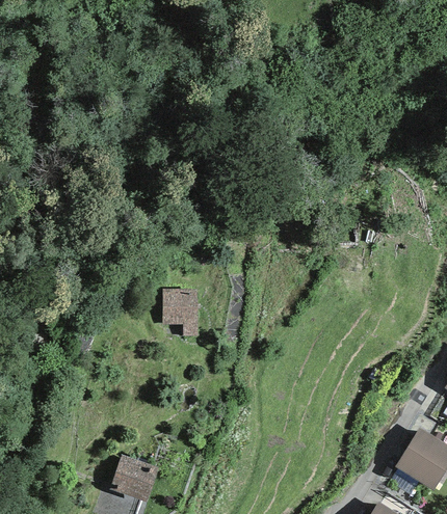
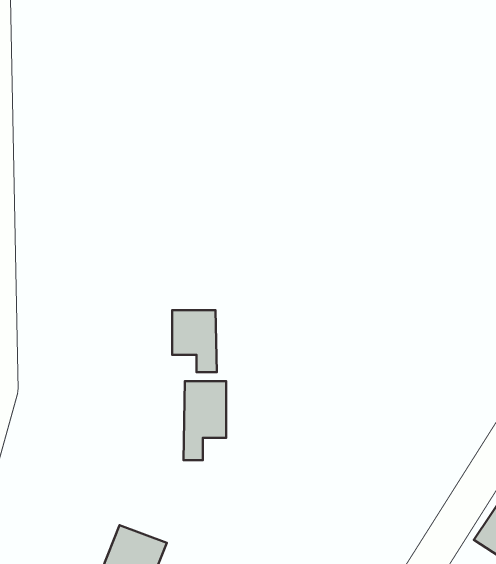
building: none -> [183,381,226,460]

